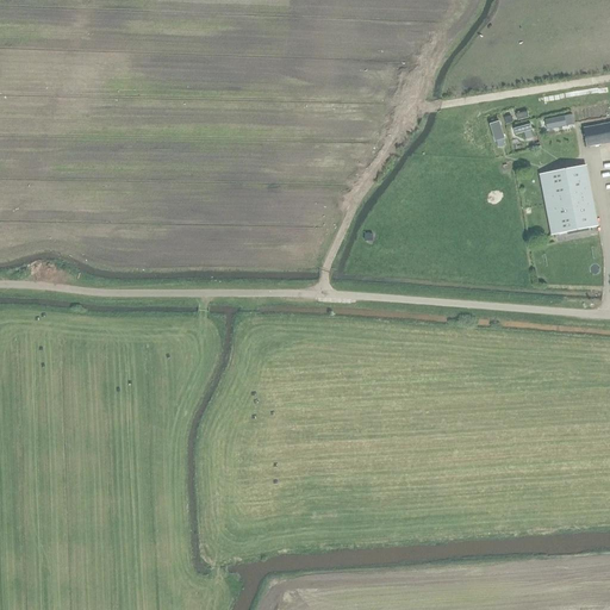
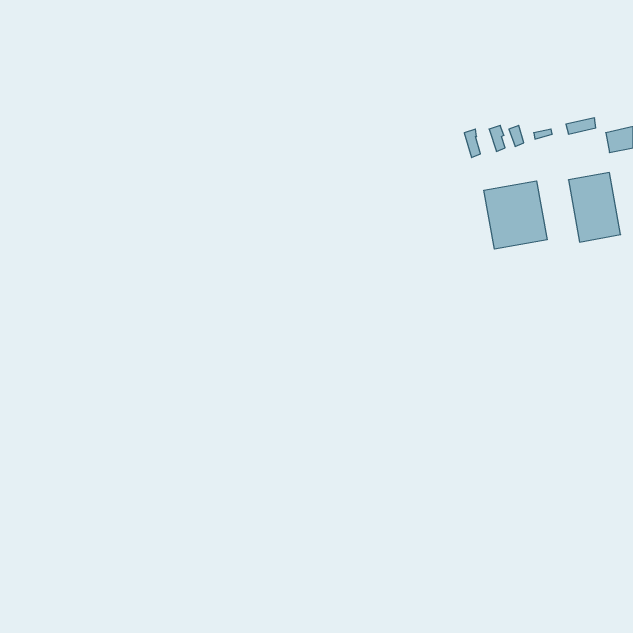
building: none -> [484,181,547,249]

